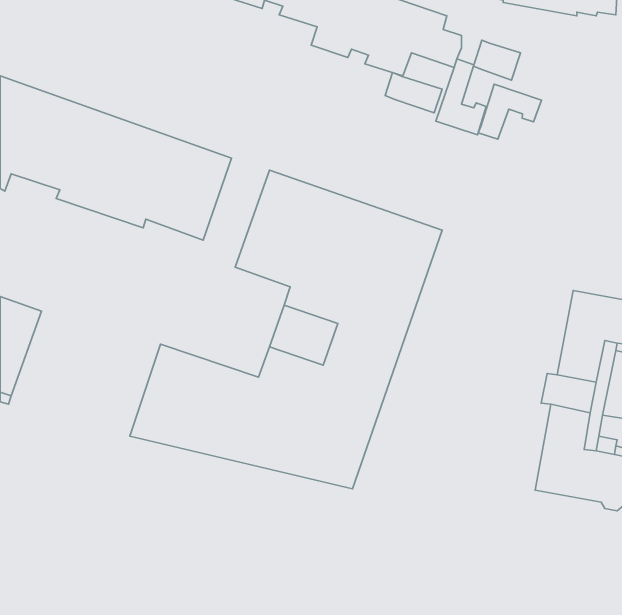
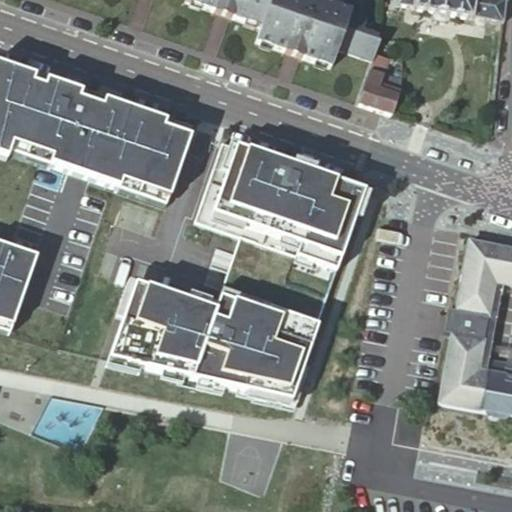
building: [473,40,521,80] -> none
building: [385,73,442,113] -> none
building: [478,84,542,139] -> none

